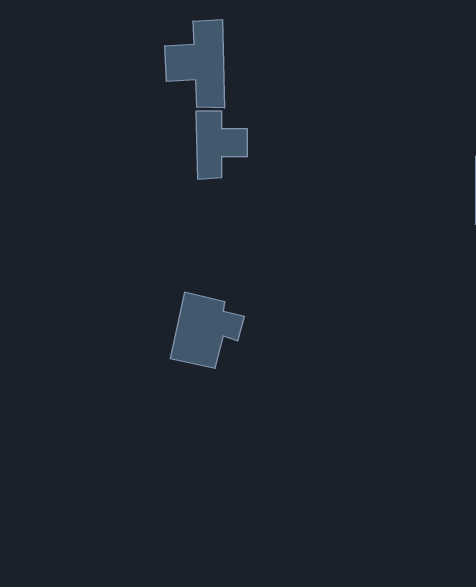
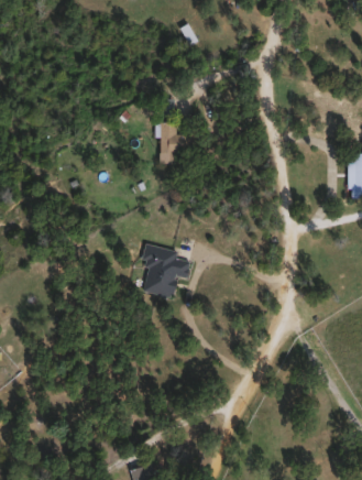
building: [165,20,224,108] -> none

